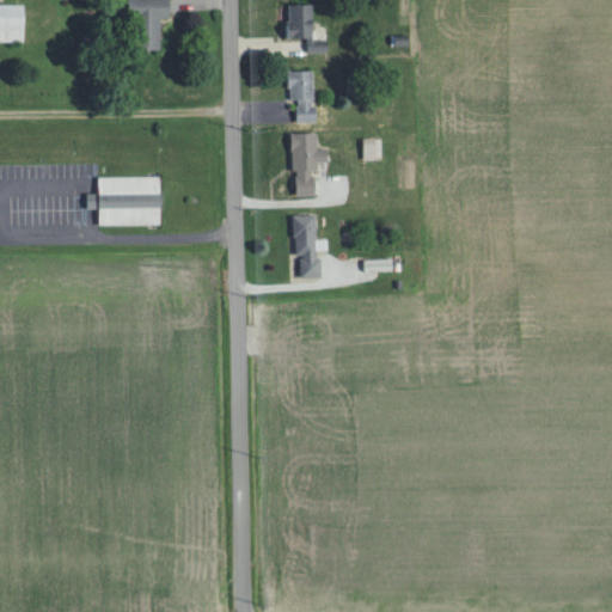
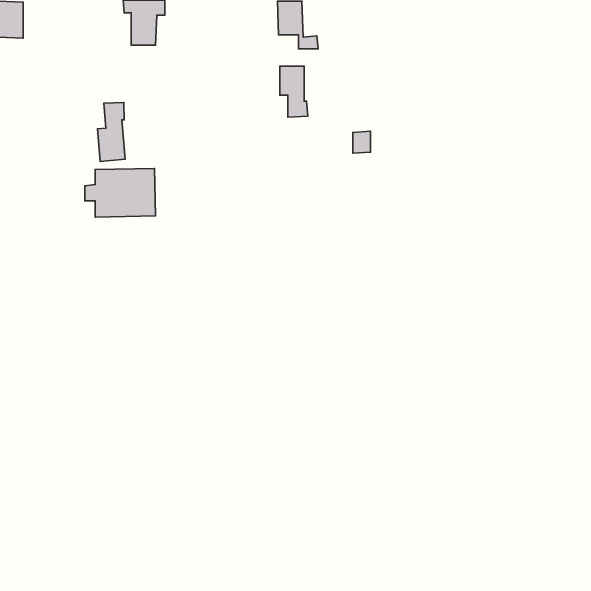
building: none -> [97,103,125,161]
building: [292,131,328,196] -> none
building: [293,215,328,277] -> none

